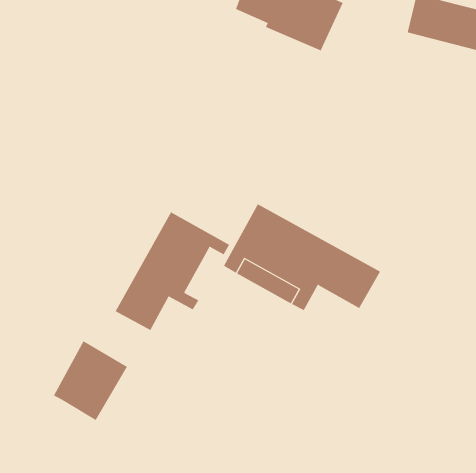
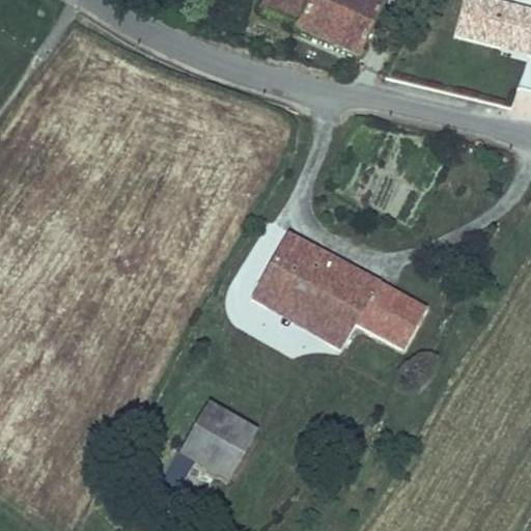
building: [115,212,230,331] -> none
building: [53,341,128,421] -> [179,395,262,484]

